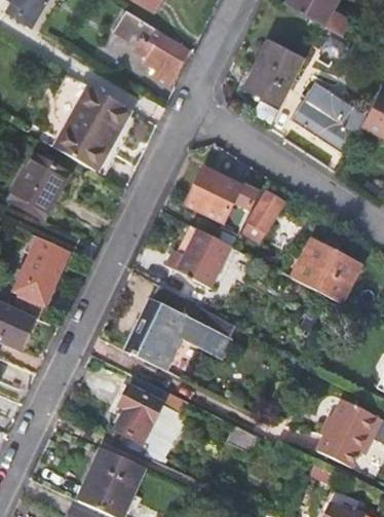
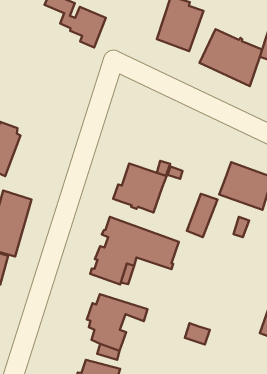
building: [56,86,128,172] -> none
building: [184,168,238,222] -> none
building: [242,191,283,243] -> [187,194,217,237]

